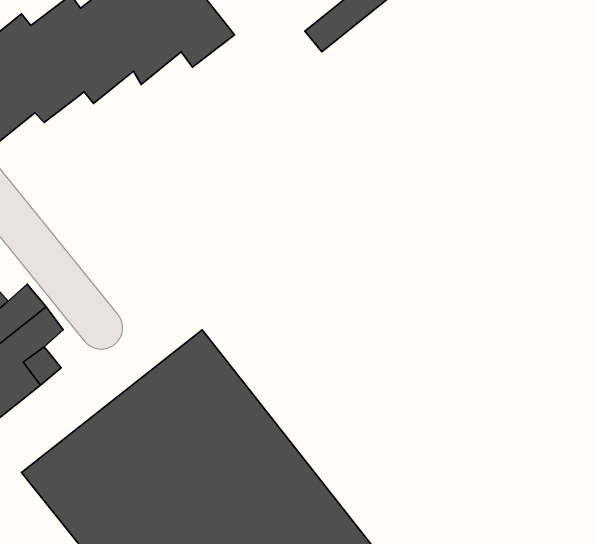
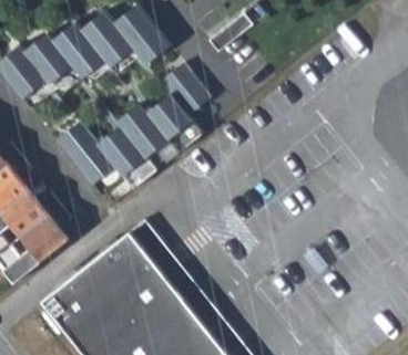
building: none -> [53,63,208,190]

